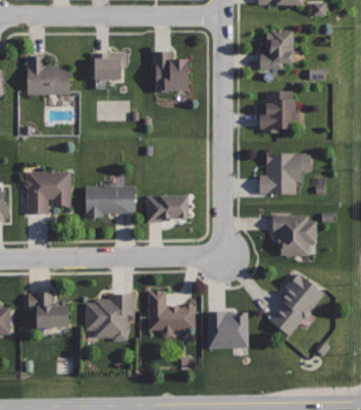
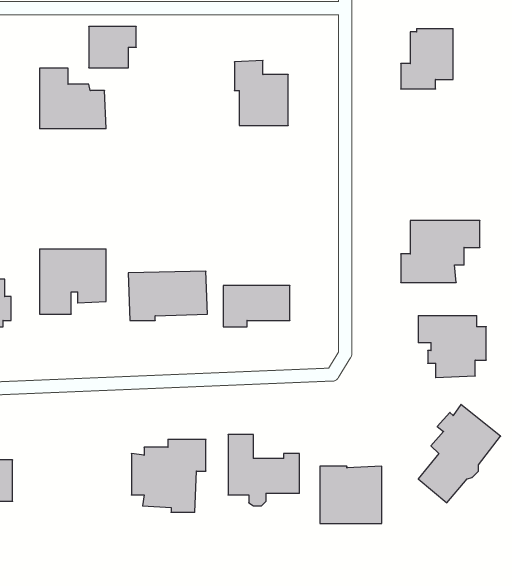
building: [95,53,125,80] -> [89,27,136,68]
building: [259,92,299,134] -> none
building: [29,294,69,329] -> none

